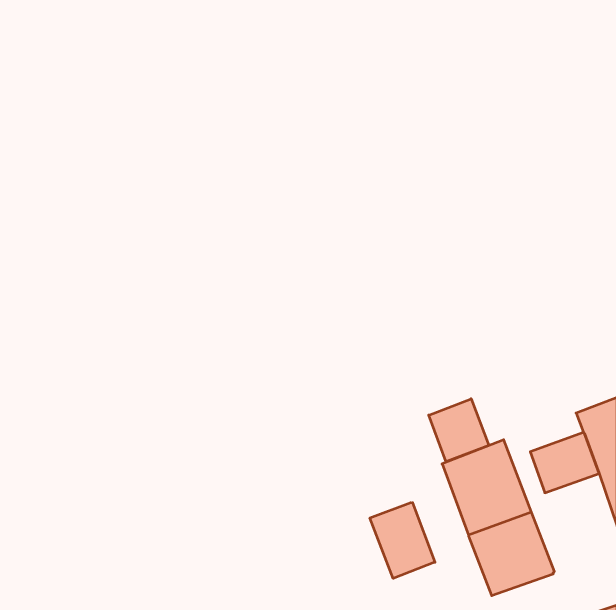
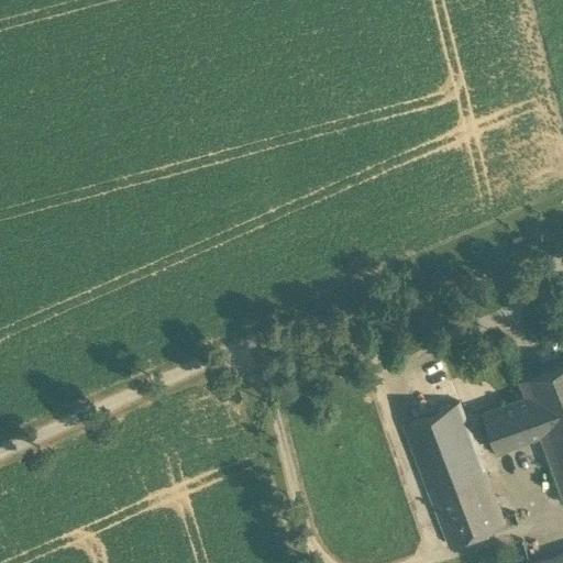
building: [429,399,489,461] -> none
building: [370,503,435,578] -> none

